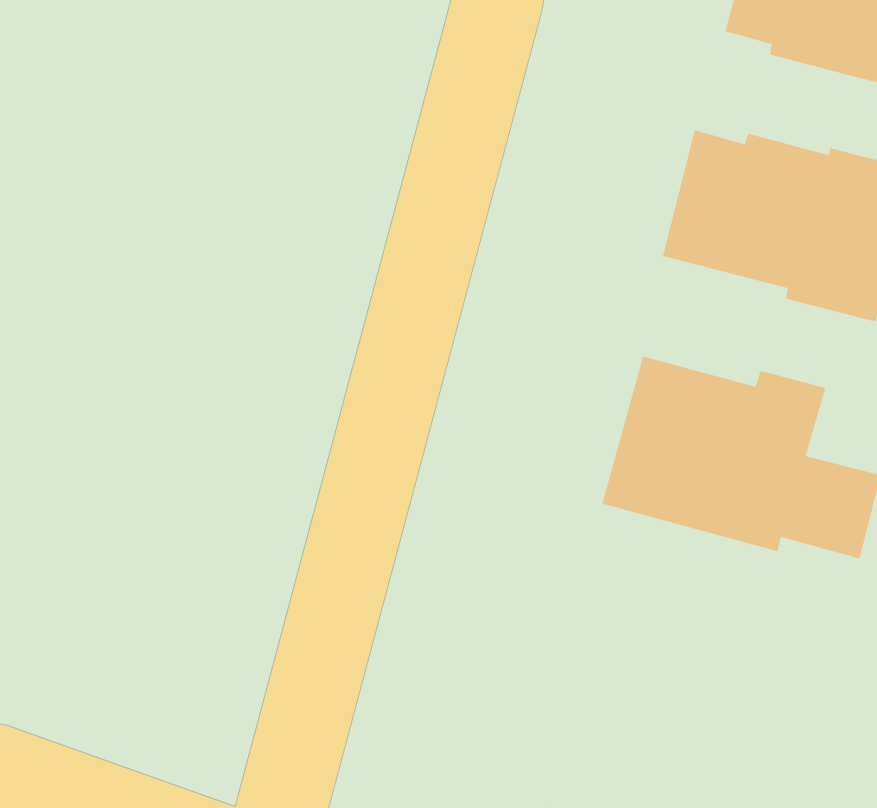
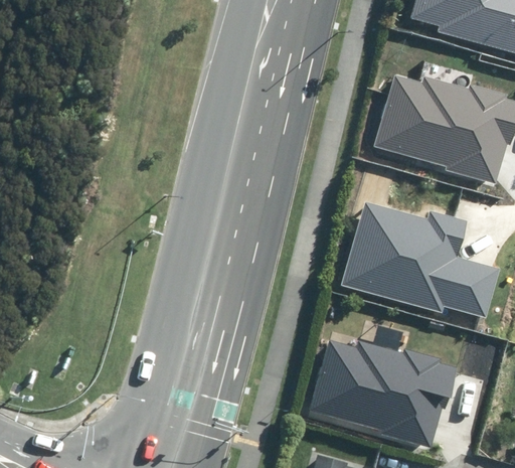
building: none -> [309,340,456,448]

